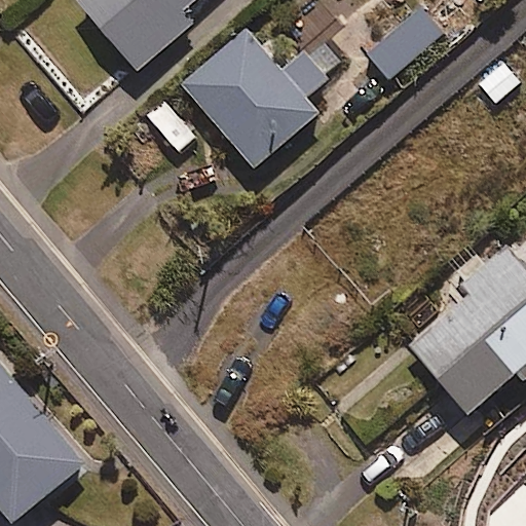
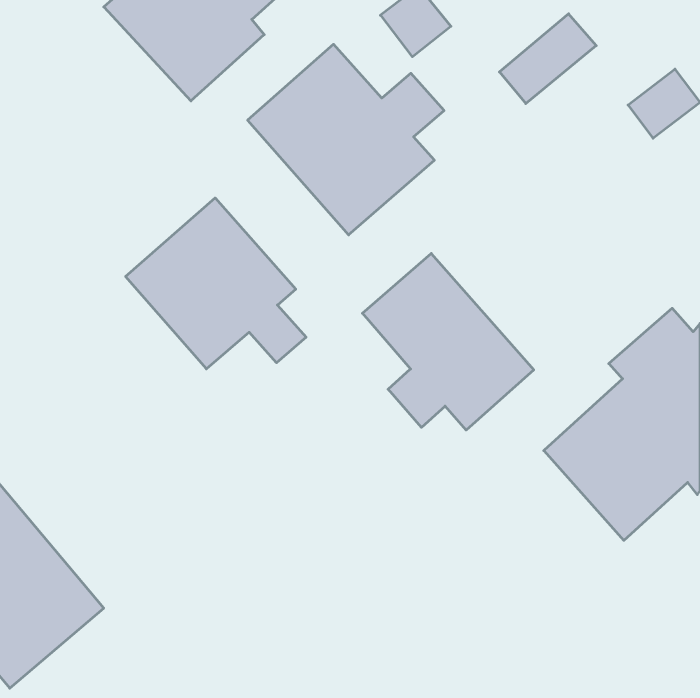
building: none -> [126,198,306,369]
building: none -> [362,253,534,430]

